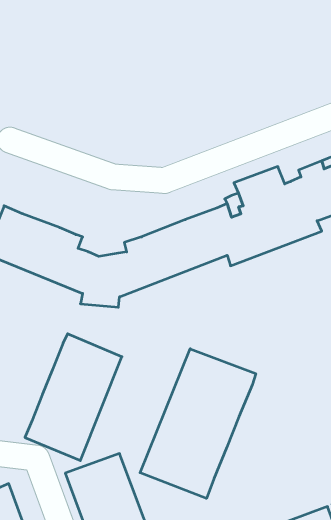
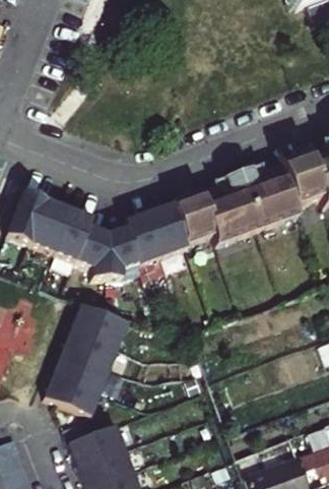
building: [140,349,256,498] -> none

